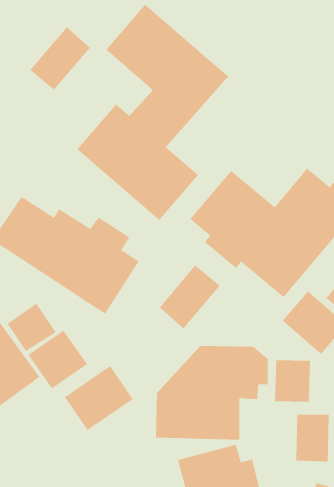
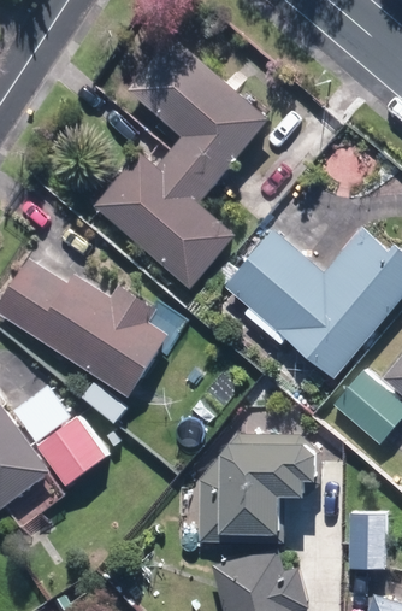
building: [29,27,90,90] -> none
building: [159,265,220,329] -> none
building: [275,360,310,403] -> none
building: [64,365,133,431] -> none

